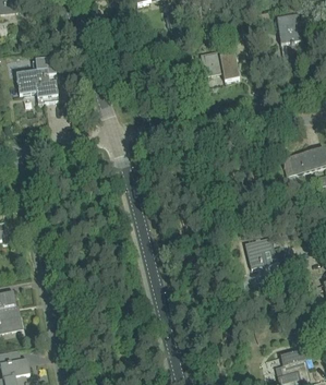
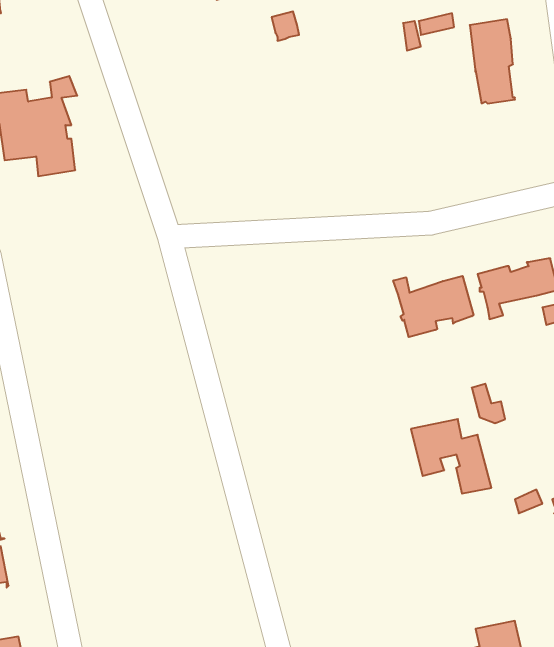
building: [200,50,239,81] -> none
building: none -> [393,276,473,337]

